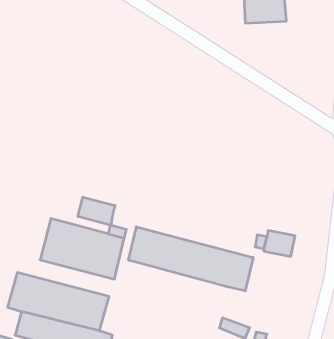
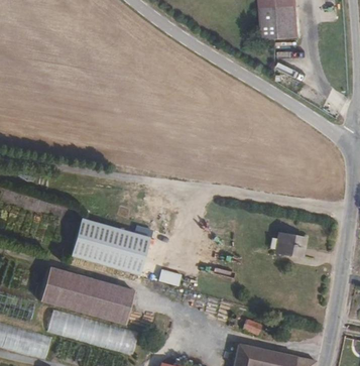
building: [78,197,115,225] -> none
building: [129,227,253,291] -> none

